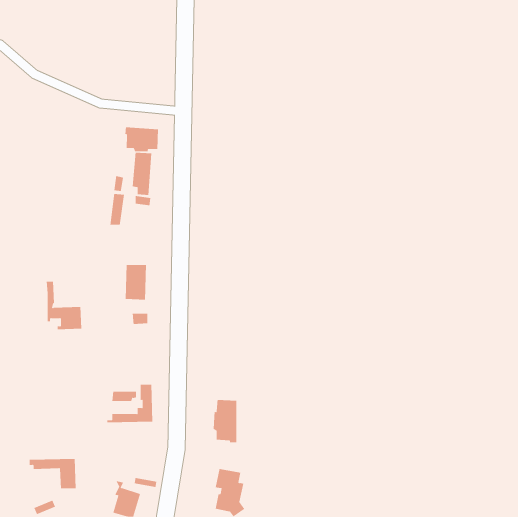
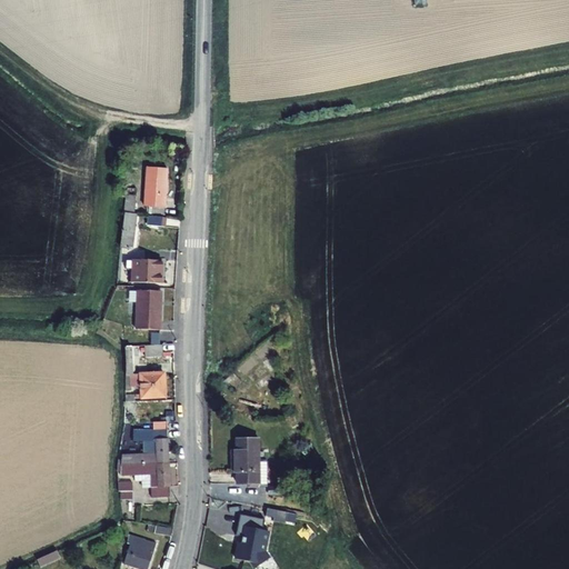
building: [125,126,158,152] -> none
building: none -> [132,259,161,281]
building: [46,281,82,330] -> [124,345,164,398]
building: [29,458,76,489] -> [117,462,169,496]

